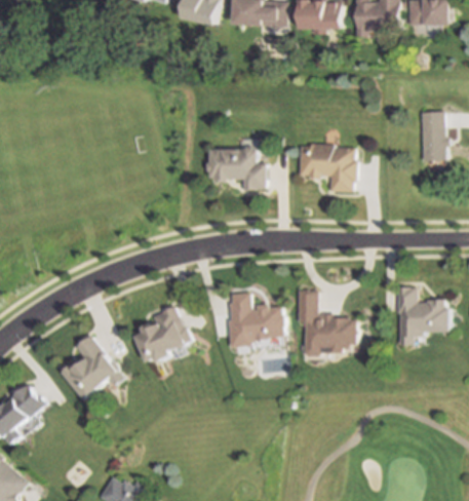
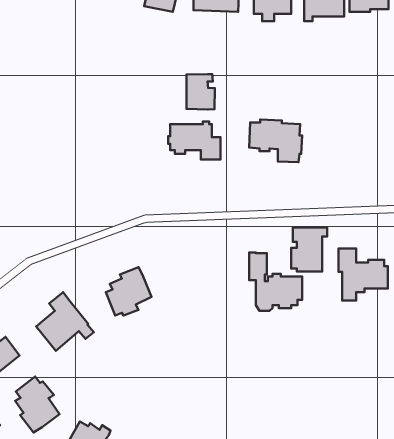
building: none -> [187,74,215,110]
building: [418,111,446,160] -> none
building: none -> [291,227,327,272]
building: [228,292,284,347] -> none
building: none -> [15,377,59,432]

